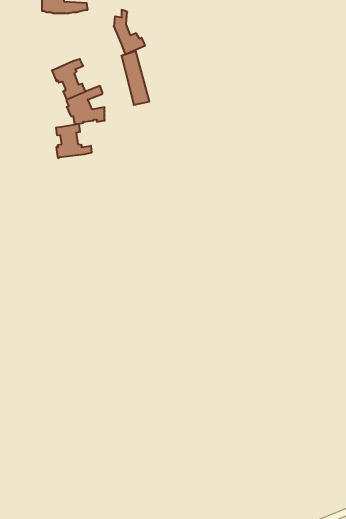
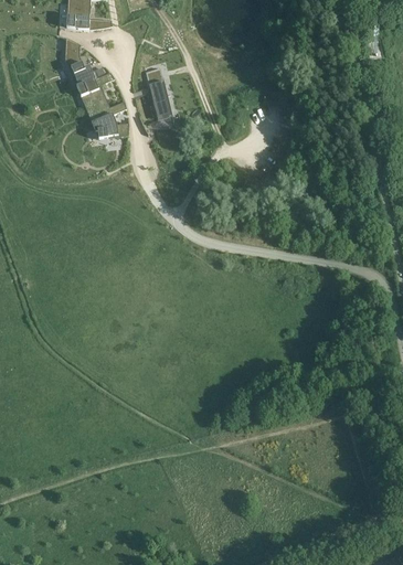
building: [114,10,145,55] -> [67,41,98,85]
building: [56,124,91,158] -> none

